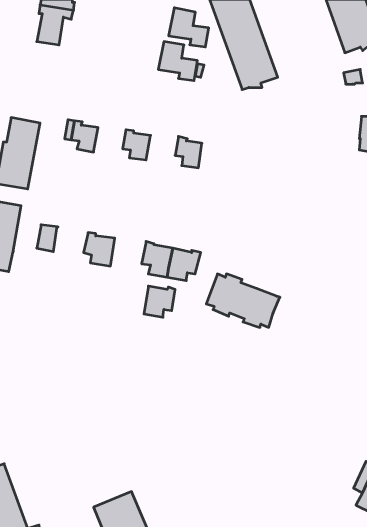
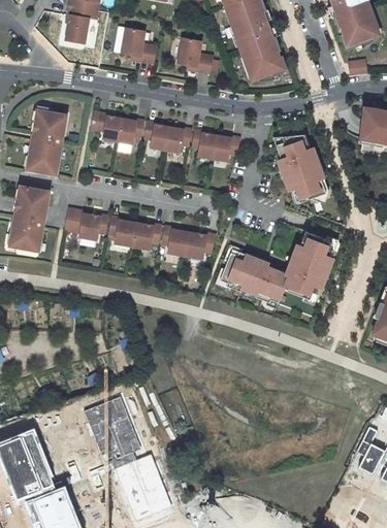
building: [169,8,209,47] -> [120,28,157,64]
building: none -> [117,119,143,144]
building: none -> [165,126,192,151]
building: none -> [214,133,241,158]
building: none -> [275,134,325,202]
building: none -> [78,211,108,240]
building: none -> [283,232,335,300]
building: [144,286,175,317] -> [132,221,161,250]
building: none -> [85,396,143,463]

